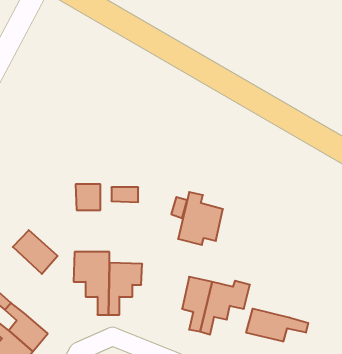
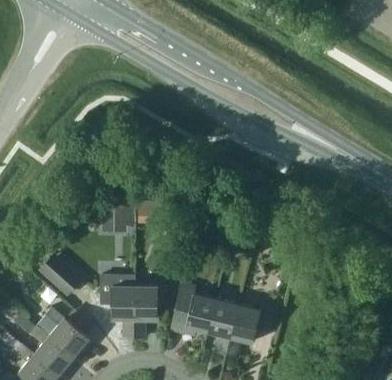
building: [178,192,223,245] -> [170,282,215,335]
building: none -> [45,306,89,356]
building: [246,309,308,342] -> none

